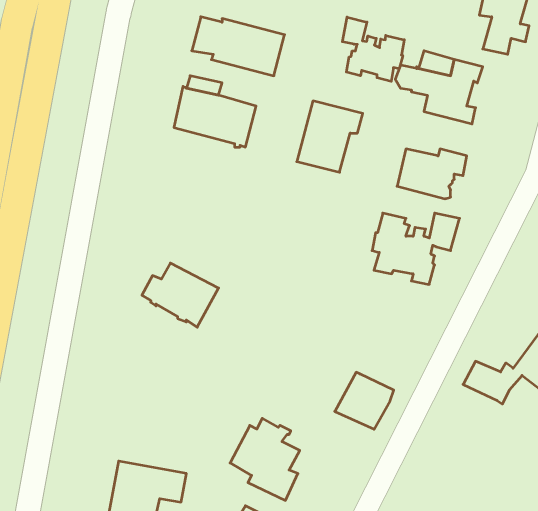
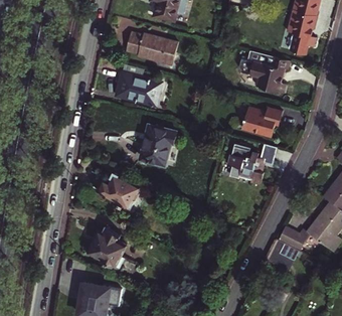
building: [342,17,404,81] -> none
building: [297,101,363,172] -> [140,125,177,165]
building: [335,372,394,429] -> [265,240,298,272]
building: [230,418,300,500] -> [88,227,127,274]

